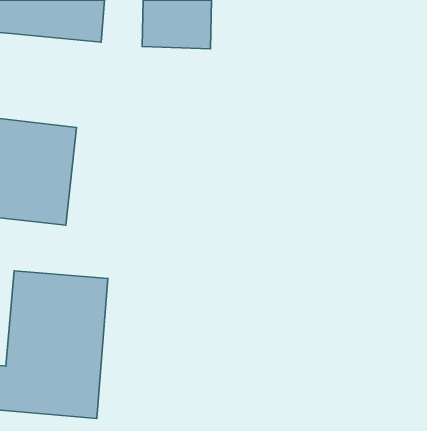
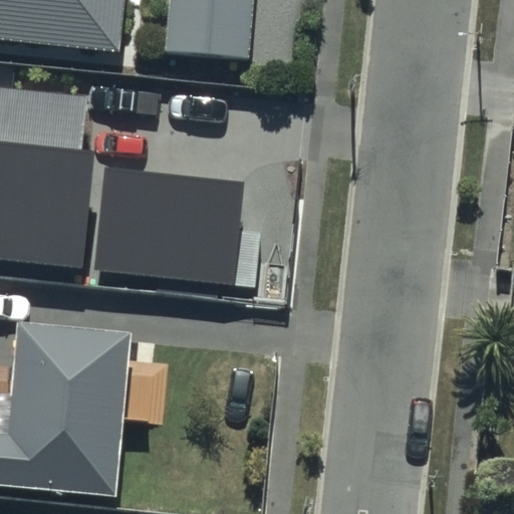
building: none -> [90,167,241,285]

